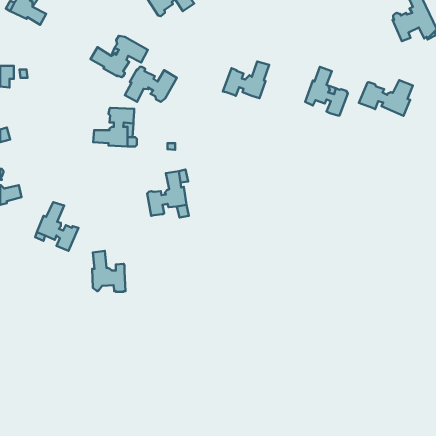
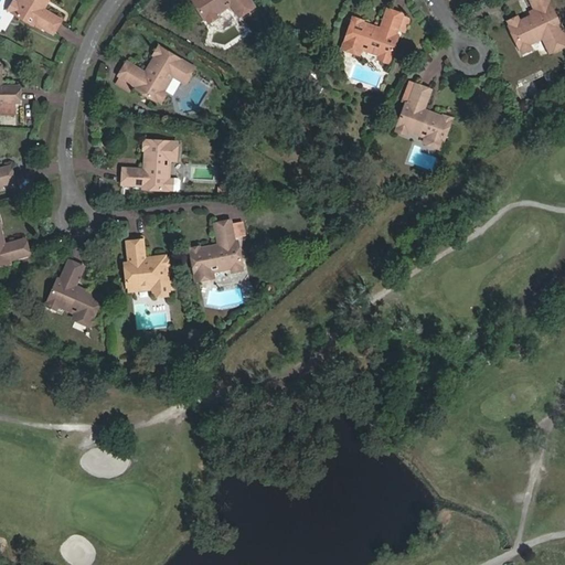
building: [223,61,269,98] -> [343,9,403,56]
building: [125,67,177,102] -> none
building: [359,80,413,116] -> none
building: [92,251,125,292] -> [126,239,169,292]

